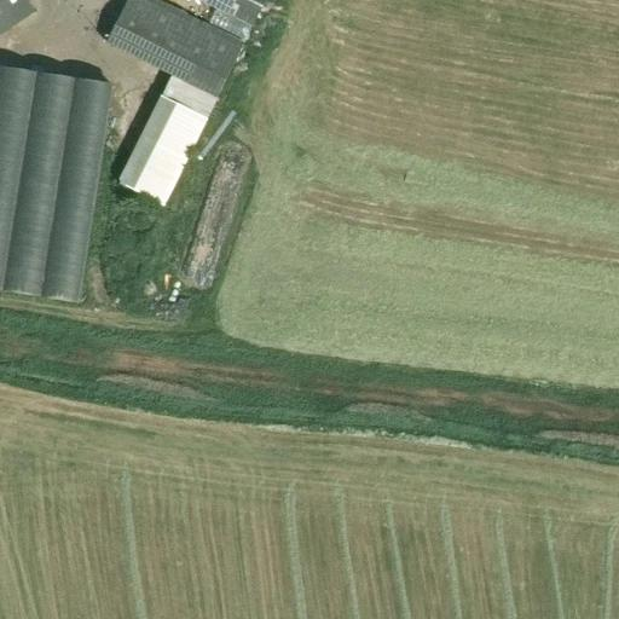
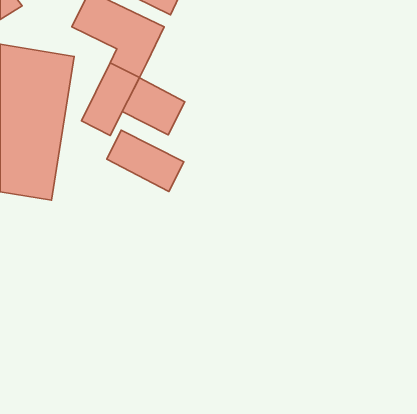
building: none -> [122,78,185,135]
building: none -> [107,130,184,191]

